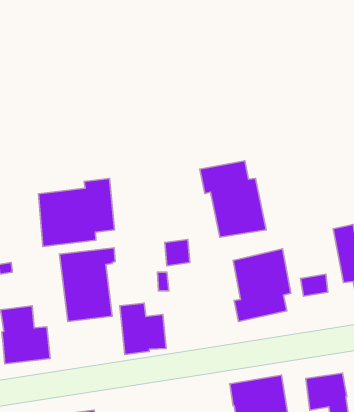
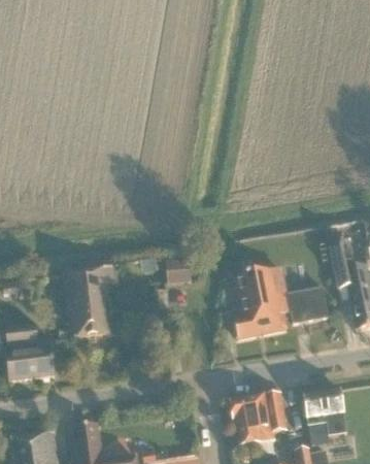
building: [200,161,266,237] -> none
building: [39,179,115,247] -> none
building: [120,303,166,354] -> none

